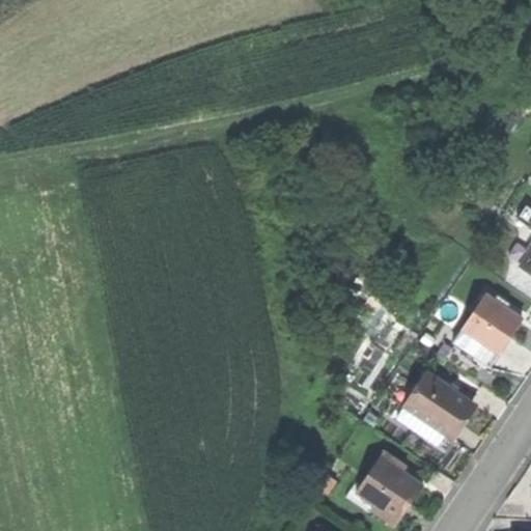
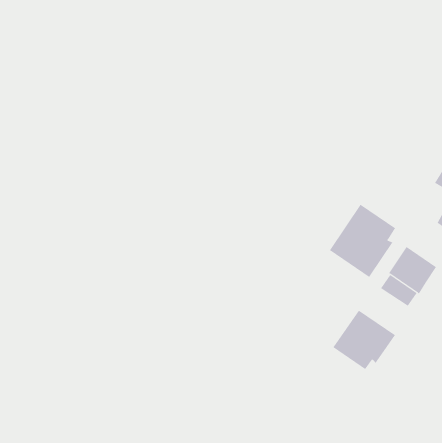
building: none -> [329,204,396,278]
building: [355,454,424,518] -> none

